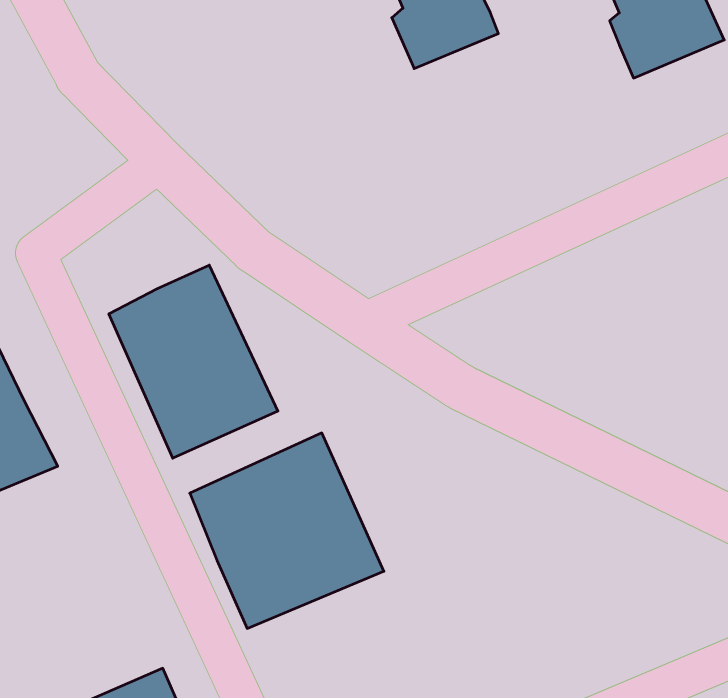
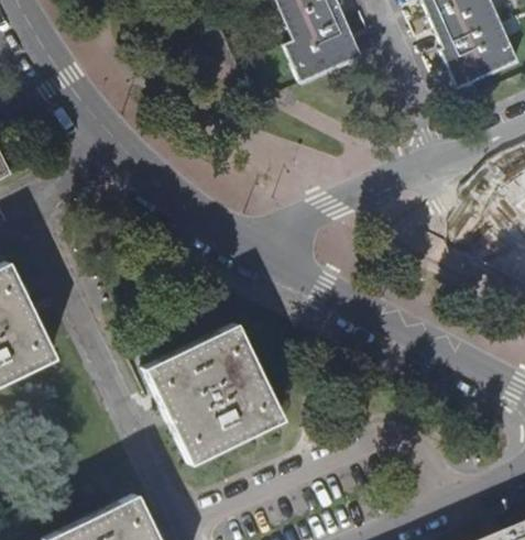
building: [109,265,278,458] -> none

